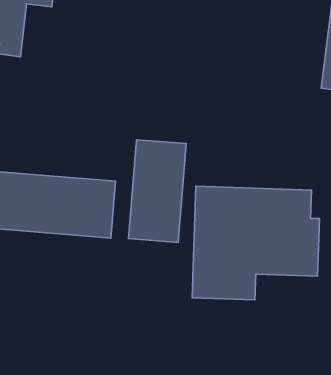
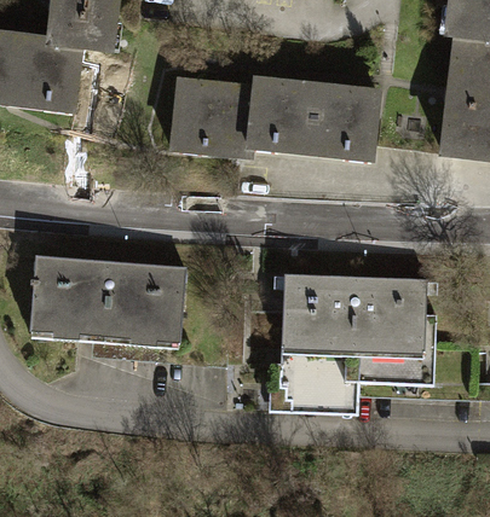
building: none -> [168,82,373,162]
building: [129,140,186,242] -> none

